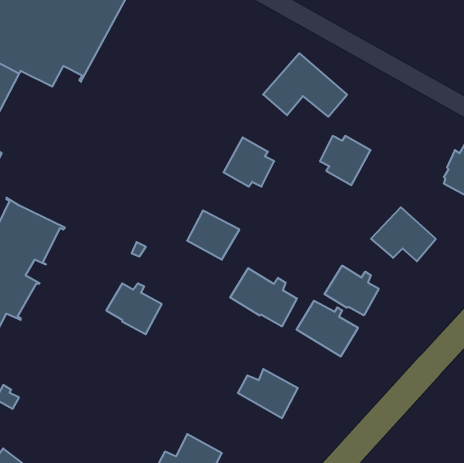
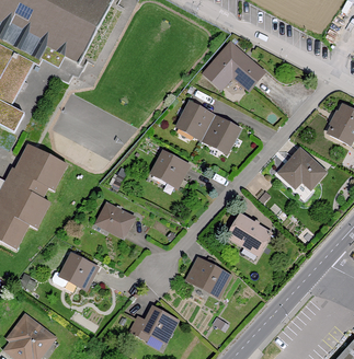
building: [320,136,371,185] -> [204,118,239,152]
building: [324,266,379,315] -> none
building: [230,268,297,326] -> none
building: none -> [52,254,96,288]

